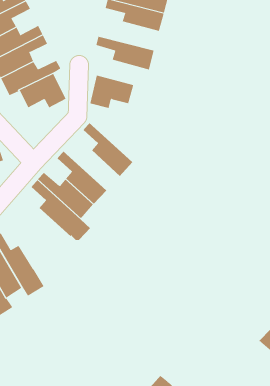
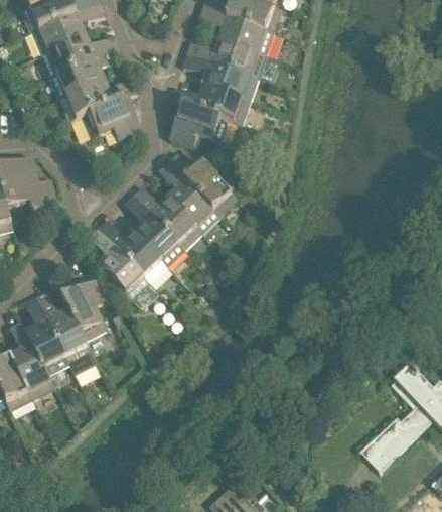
building: none -> [187,38,265,78]
building: none -> [171,86,249,125]
building: none -> [168,152,238,216]
building: none -> [133,186,201,249]
building: none -> [61,277,113,340]

